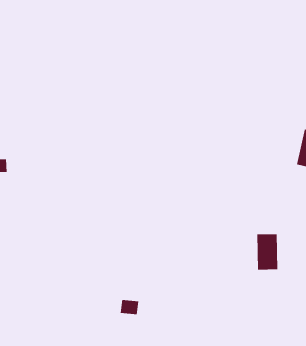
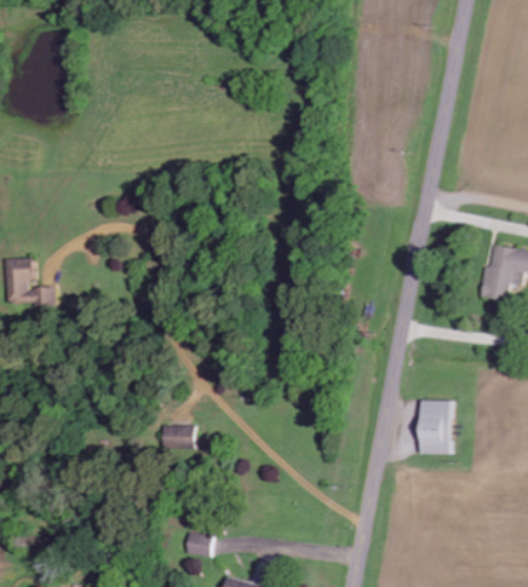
building: none -> [160,426,195,449]
building: [120,300,139,315] -> [182,534,211,557]

